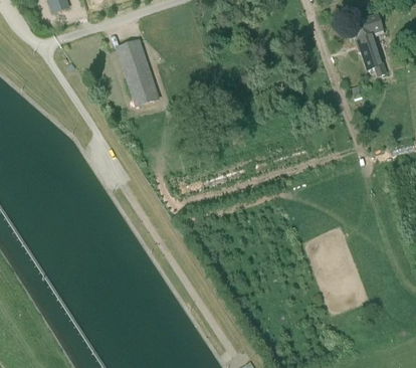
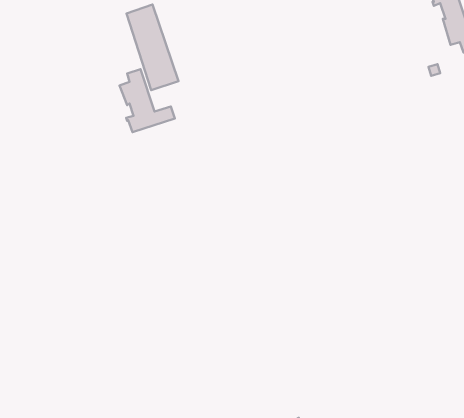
building: none -> [120,69,175,132]

